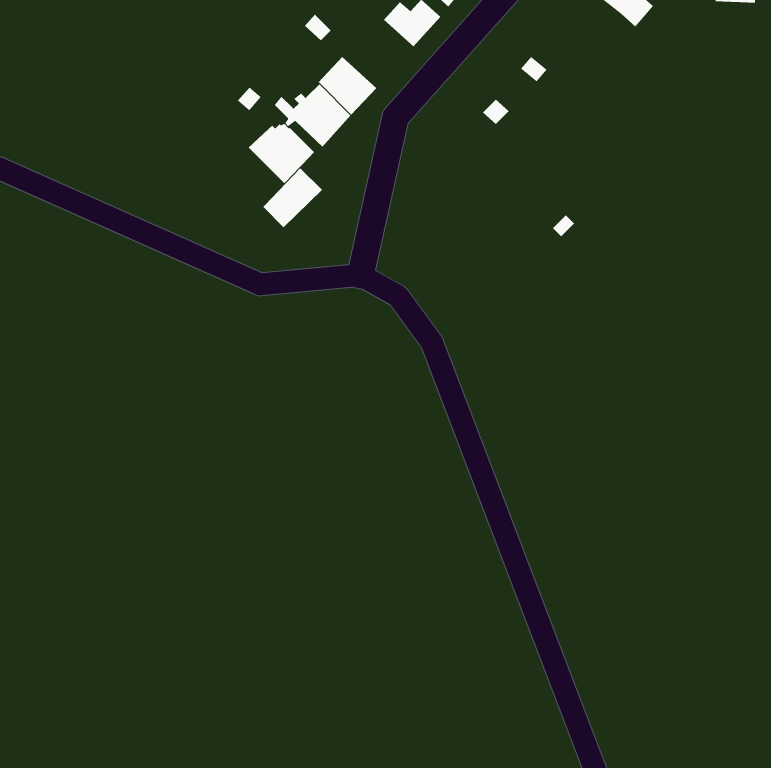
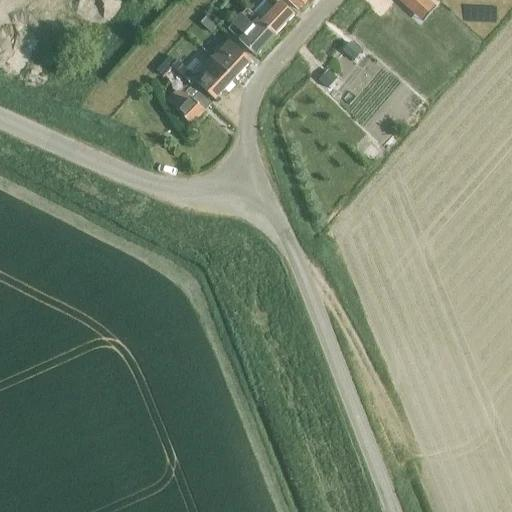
building: none -> [229,5,276,51]
building: [262,167,323,228] -> none

